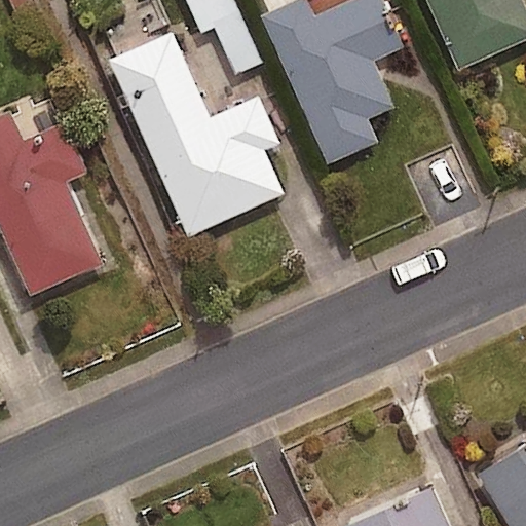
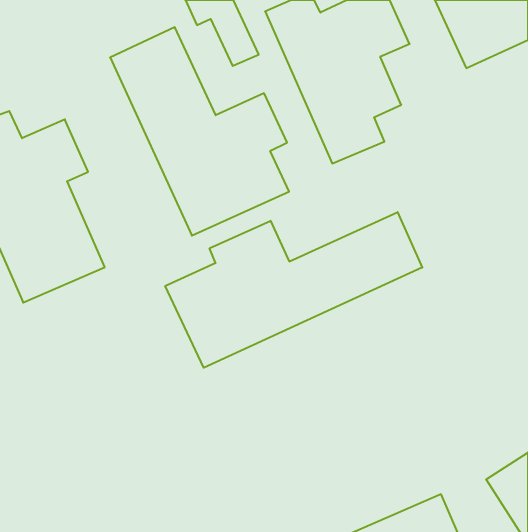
building: none -> [165,212,422,368]

